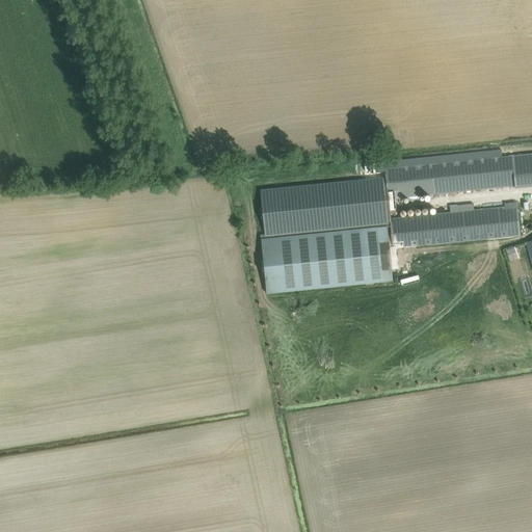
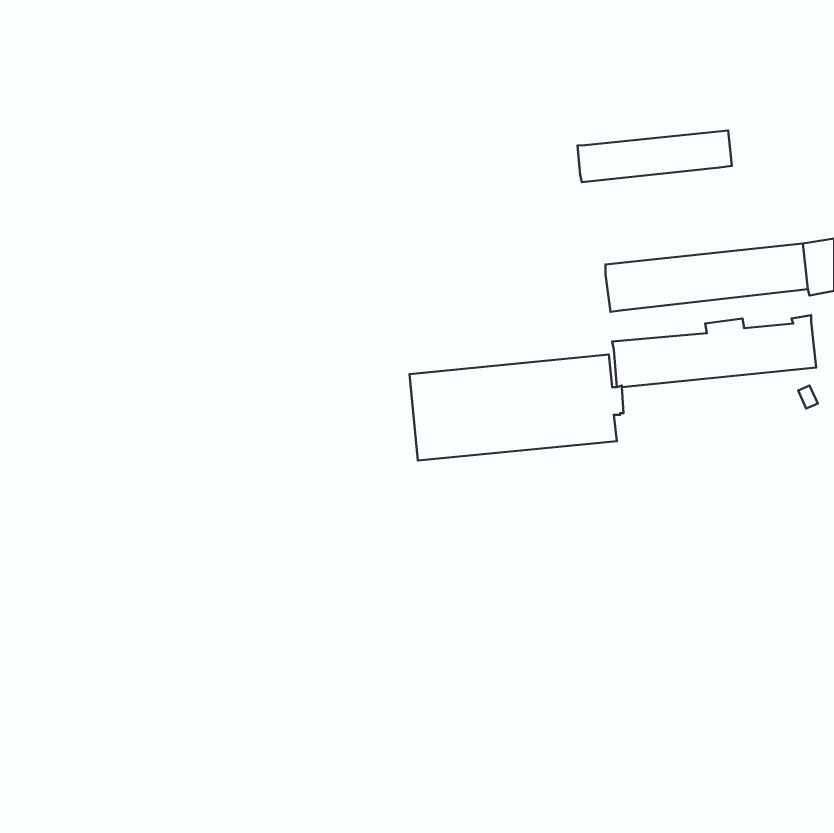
building: none -> [578,131,732,182]
building: [260,175,396,236] -> none

